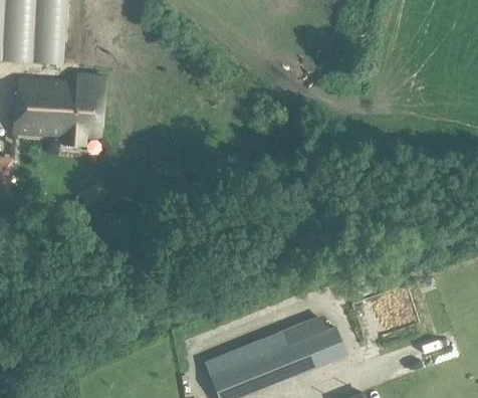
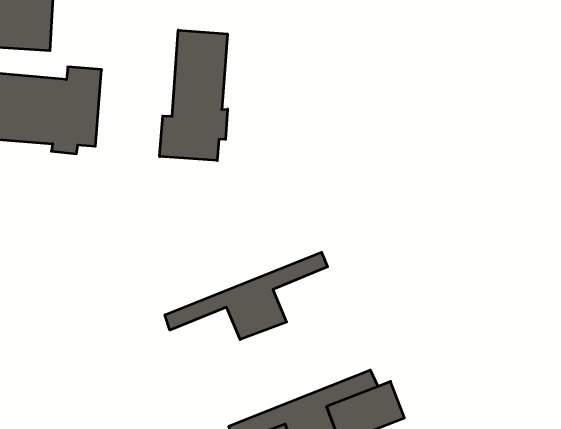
building: none -> [160,30,228,161]
building: none -> [165,252,328,340]

